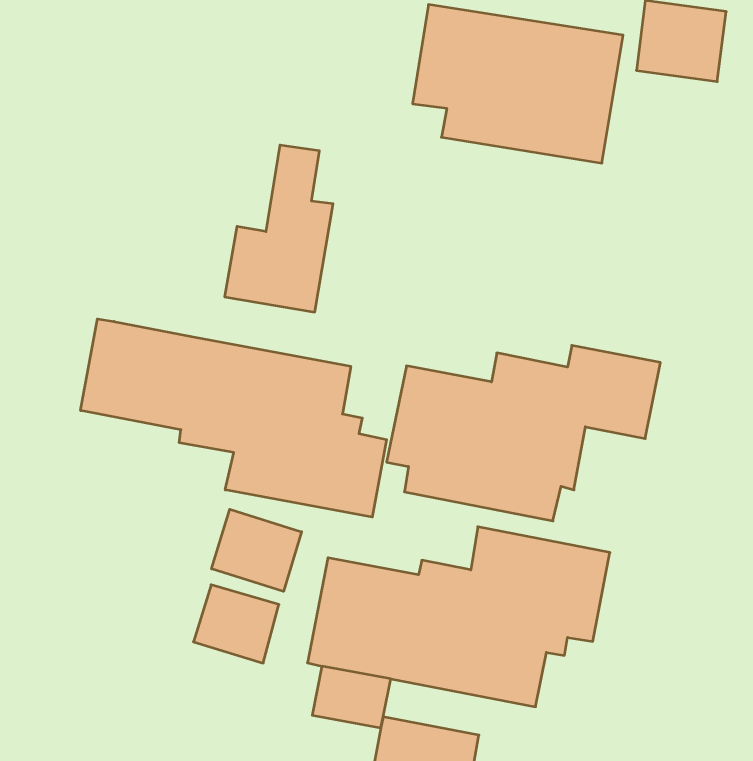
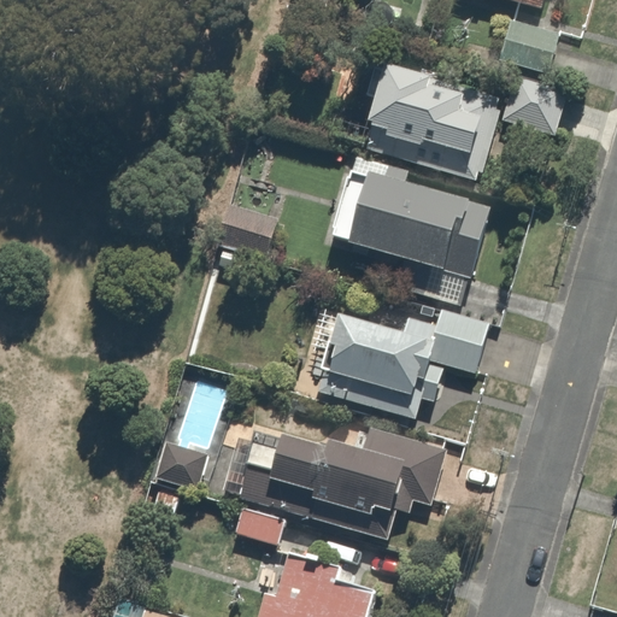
building: none -> [324,151,493,282]
building: [81,319,387,517] -> none
building: [212,509,302,591] -> none

